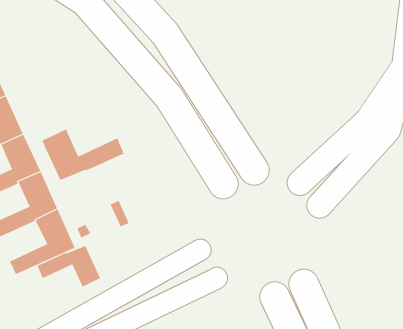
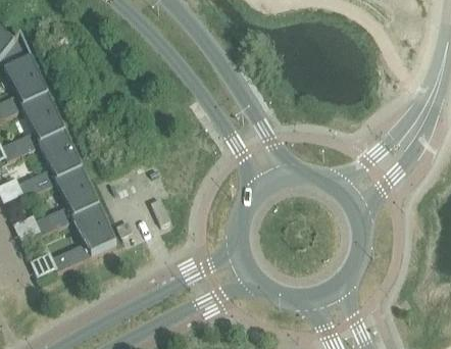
building: [41,129,124,181] -> none
building: [37,245,101,287] -> none

